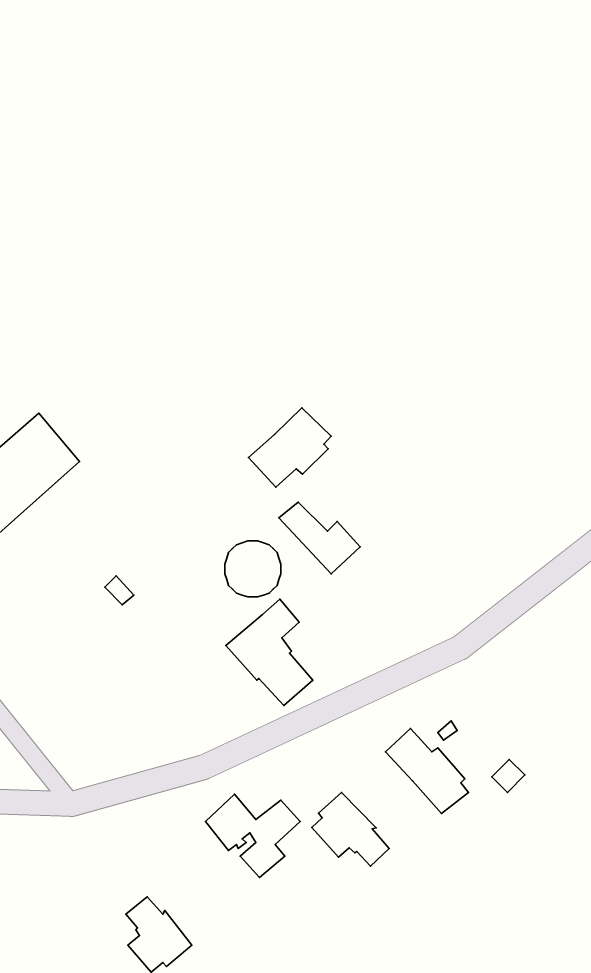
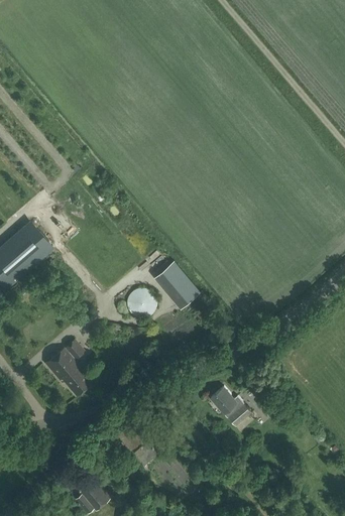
building: [249,408,331,487] -> none
building: [226,599,313,705] -> [45,340,91,395]
building: [312,792,389,866] -> none

